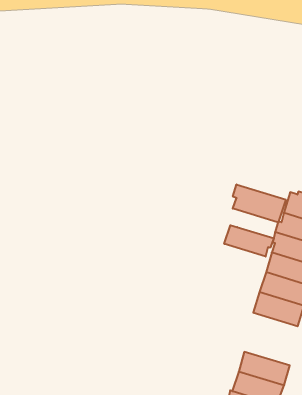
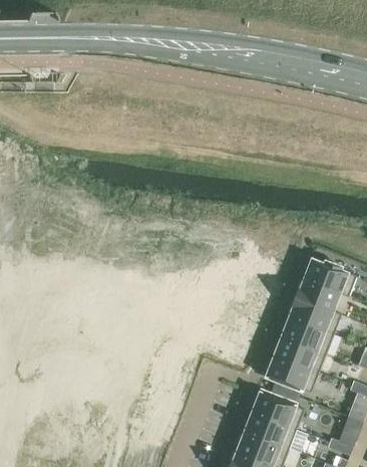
building: [233,184,286,222] -> none
building: [224,225,274,257] -> none
building: none -> [252,390,304,430]

